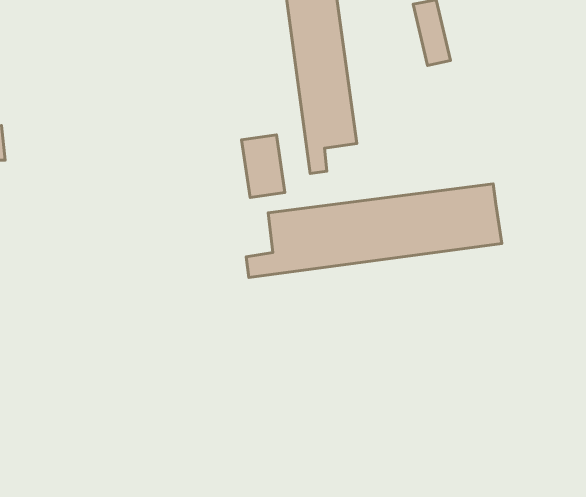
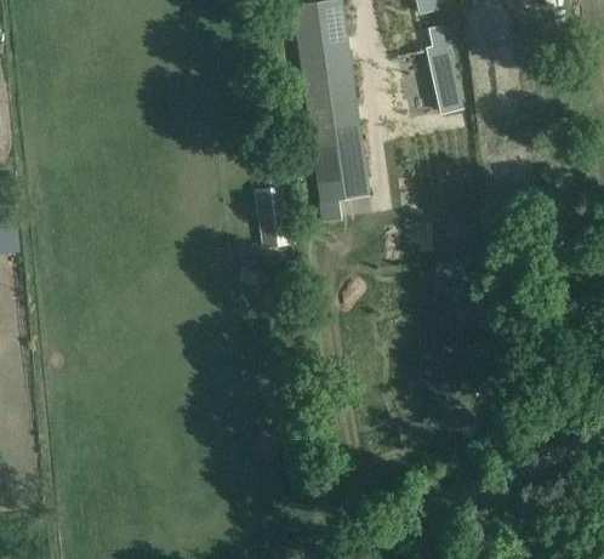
building: [246,184,502,278] -> none

